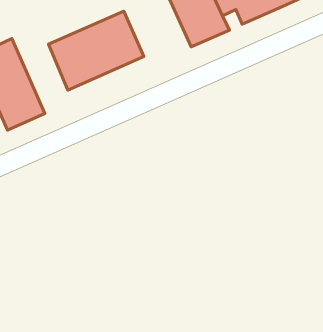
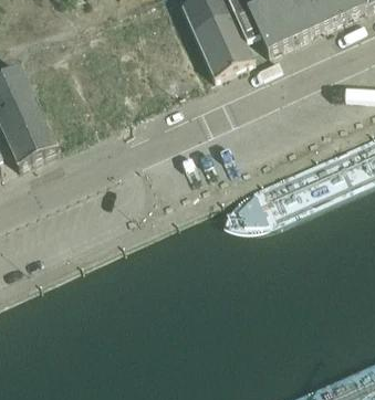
building: [49,11,144,90] -> none

